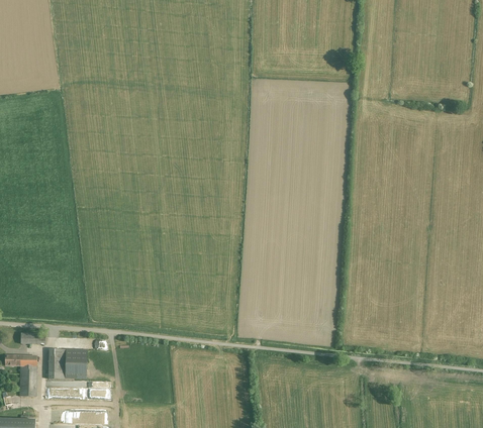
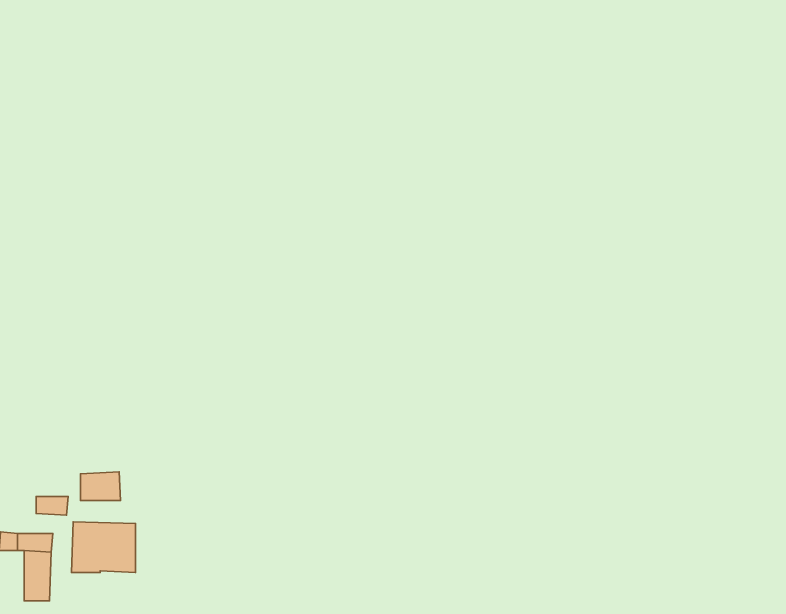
building: none -> [81,472,121,501]

